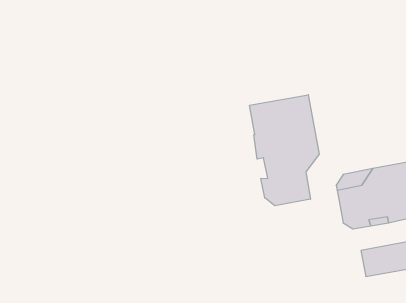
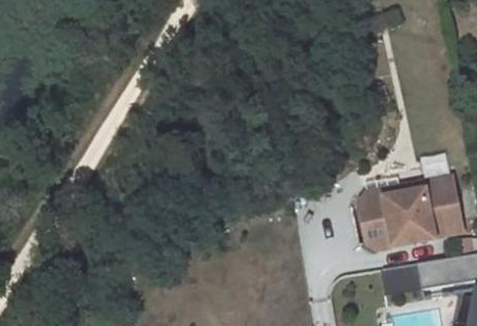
building: [250,95,319,206] -> none

